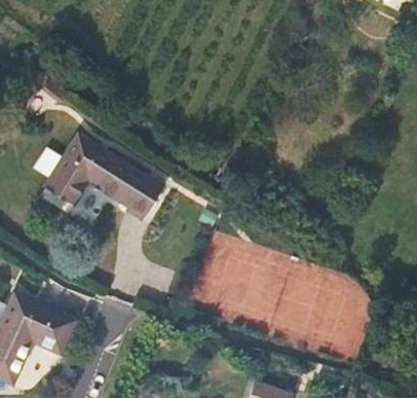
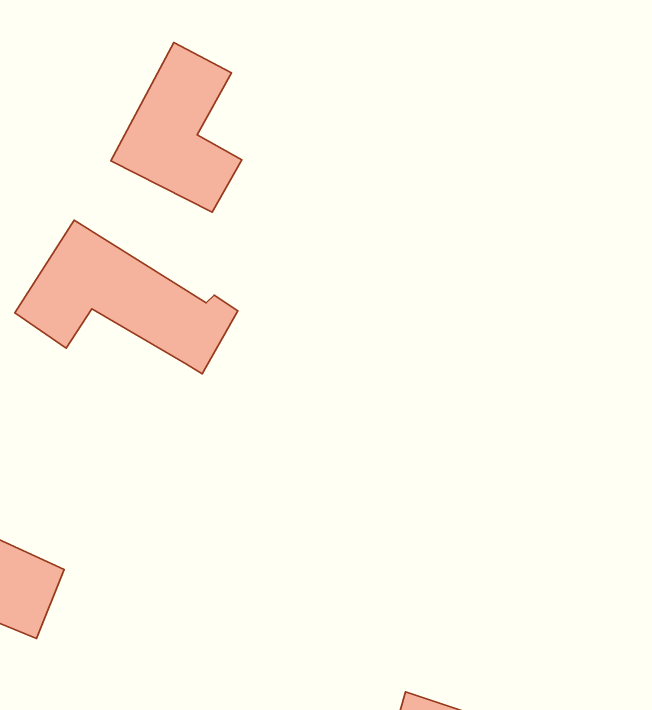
building: none -> [111,43,242,212]

